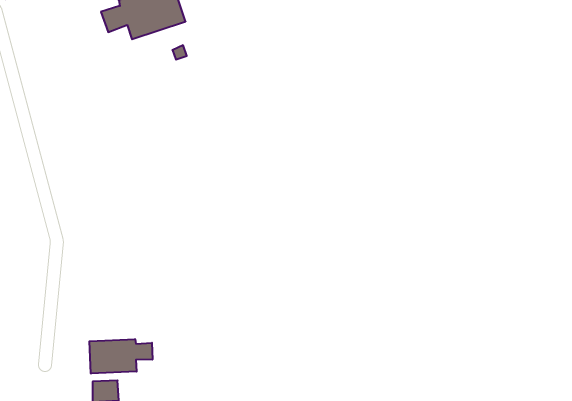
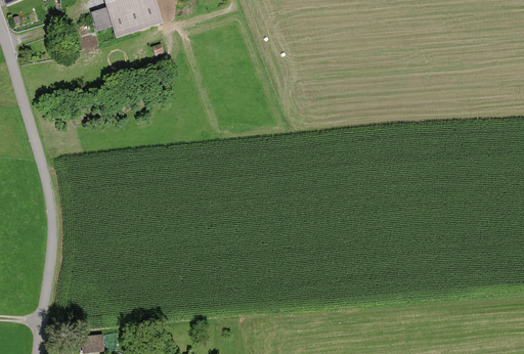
building: [89,339,152,374] -> none

